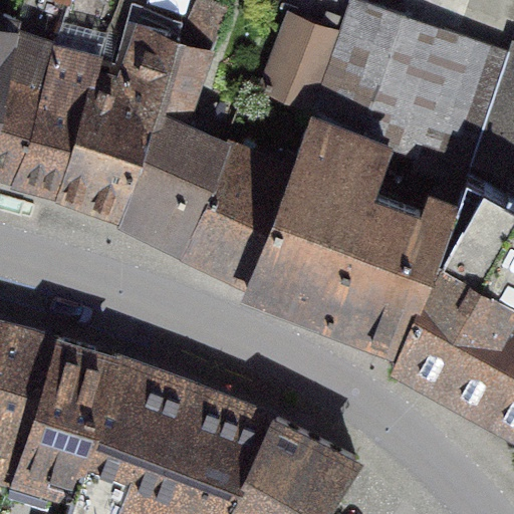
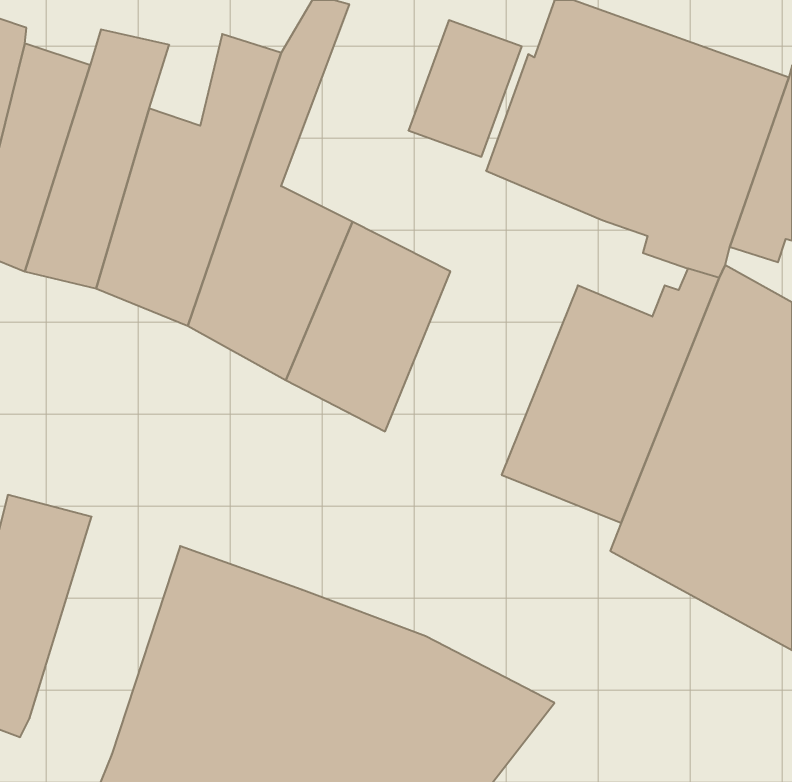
building: [249,117,390,314] -> none
building: [19,341,116,495] -> none

